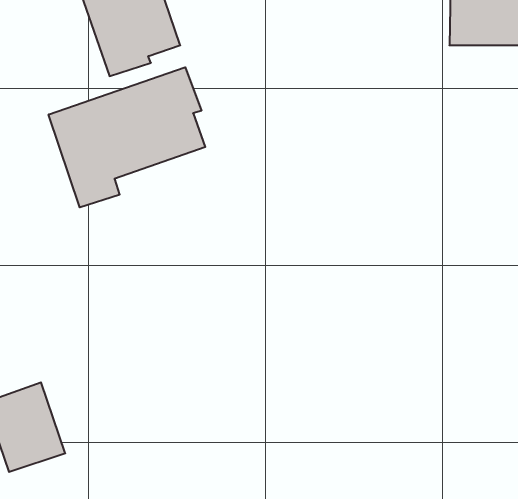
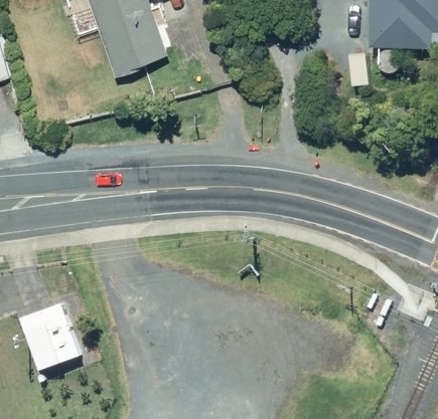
building: [49,67,205,207] -> none

